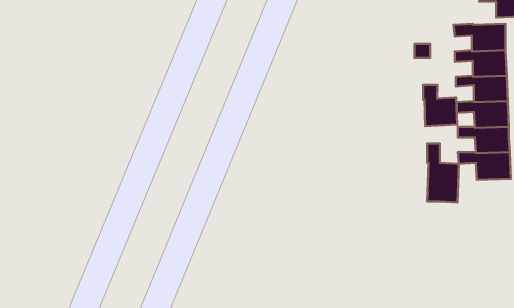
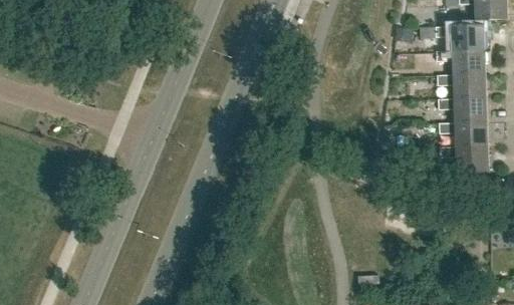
building: [423,85,457,126] -> none
building: [427,143,459,203] -> none

